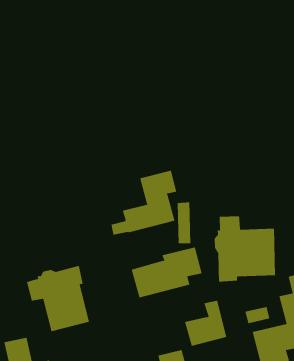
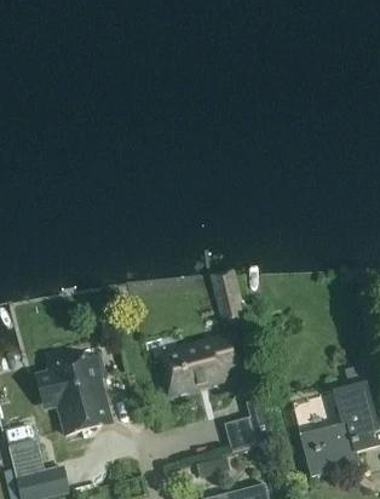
building: [111,170,177,236] -> none
building: [214,216,276,282] -> none

